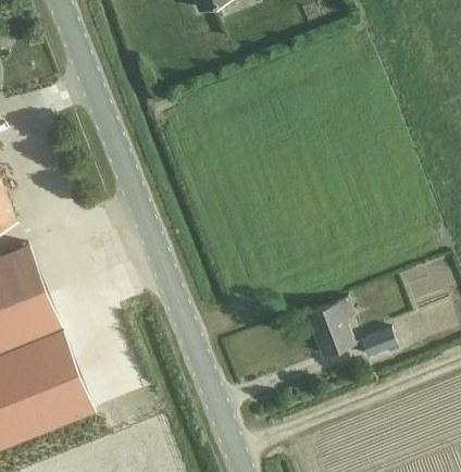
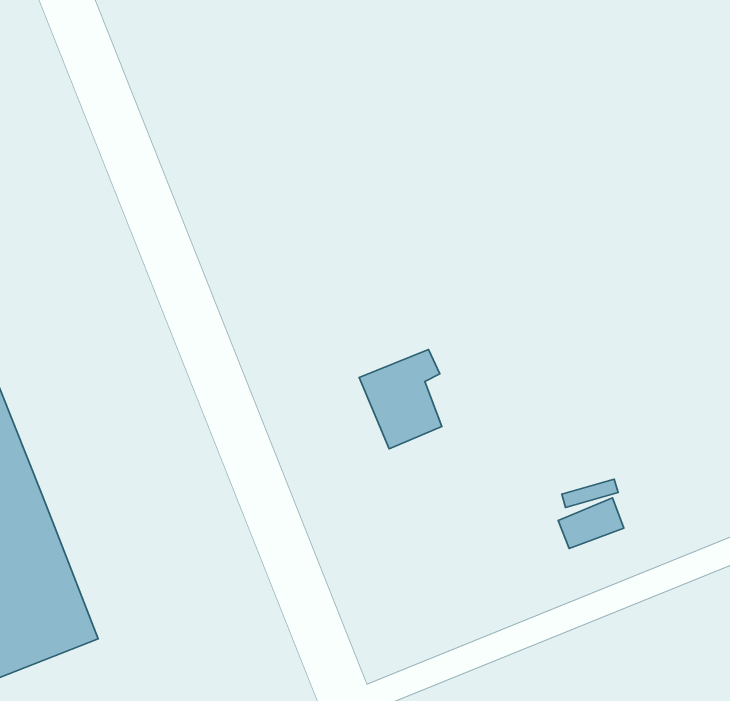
building: [306,300,353,358] -> [359,349,442,449]

